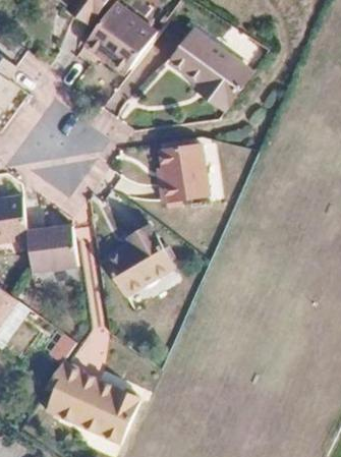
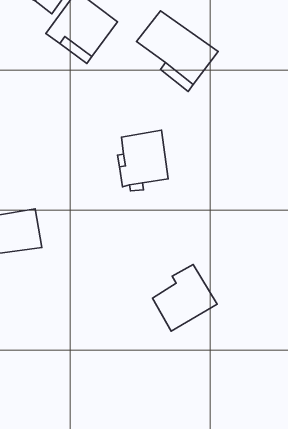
building: [105,226,171,294] -> [152,264,217,331]
building: [50,345,135,434] -> none

